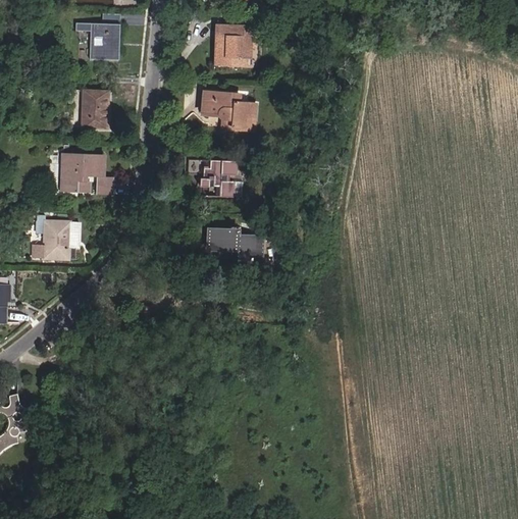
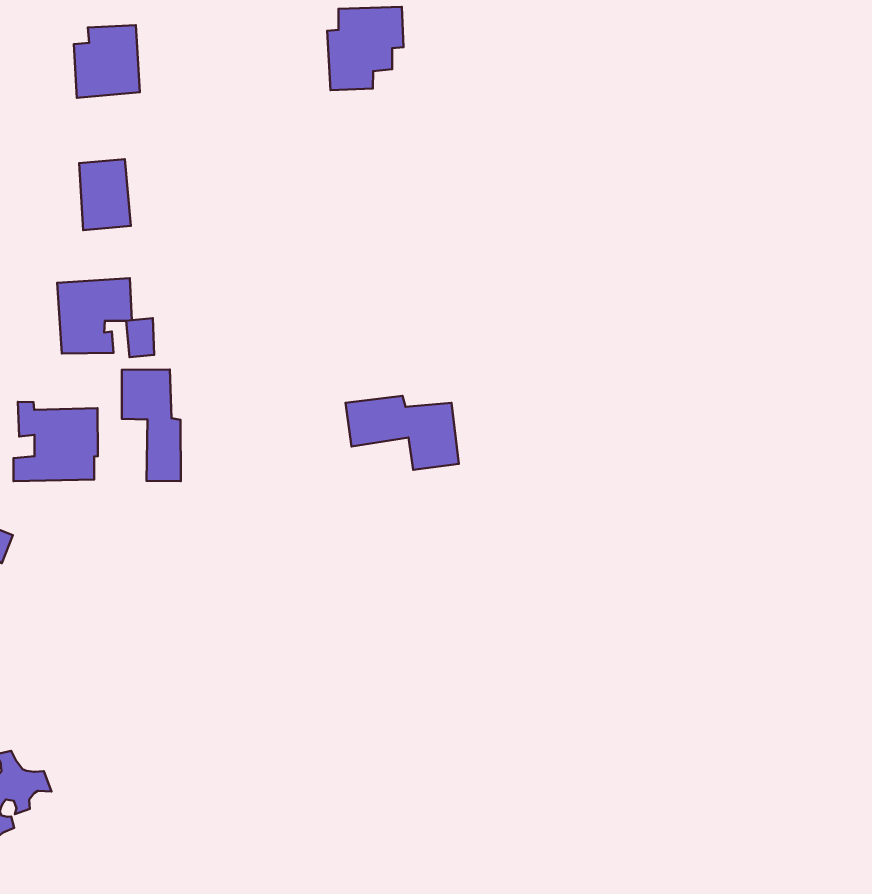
building: [201,97,253,136] -> none
building: [189,155,239,194] -> none
building: none -> [122,369,181,481]

